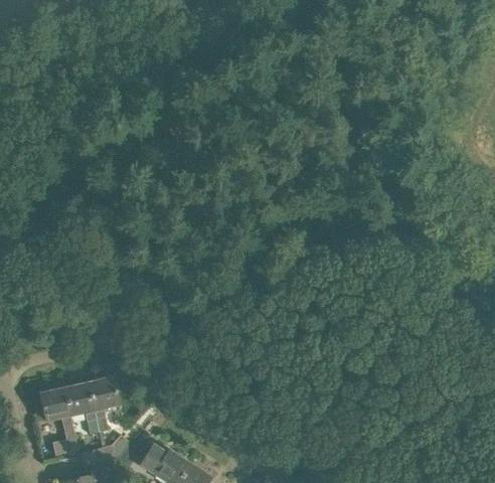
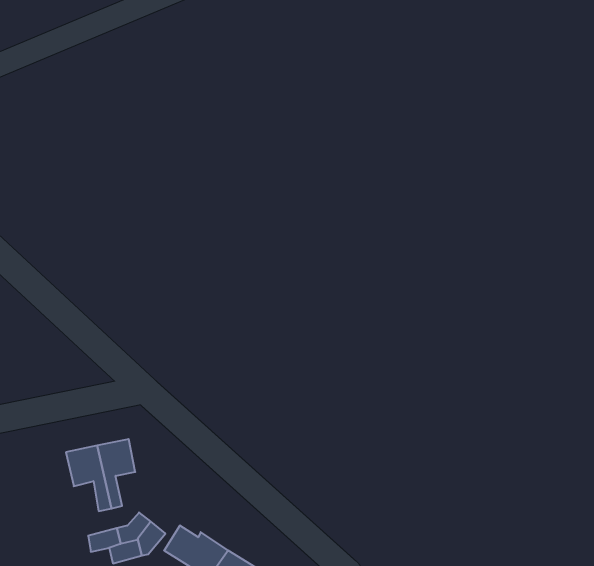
building: [40,388,77,455] -> none

